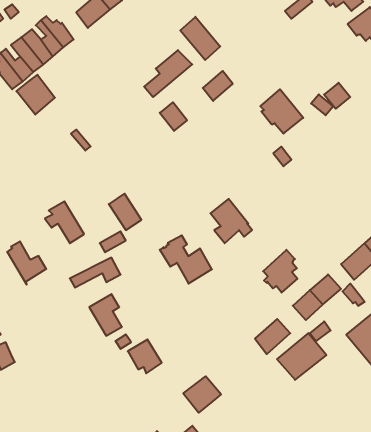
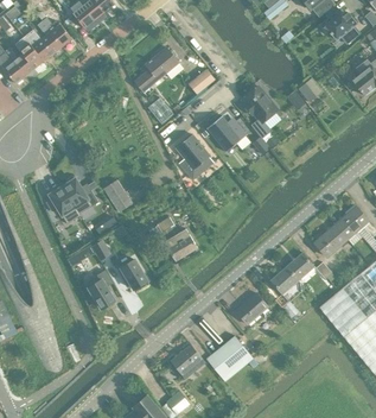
building: [180,17,220,60] -> none
building: [16,75,55,115] -> none
building: none -> [206,115,247,151]
building: [210,199,252,243] -> [176,133,214,173]
building: [7,241,46,285] -> [63,176,98,215]
building: [263,250,297,293] -> none
building: [277,333,326,380] -> [206,335,251,378]
building: [128,339,162,373] -> [116,258,147,289]

